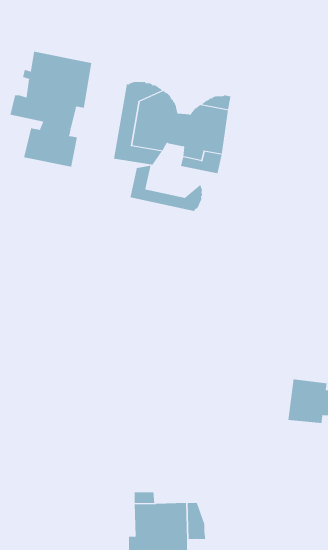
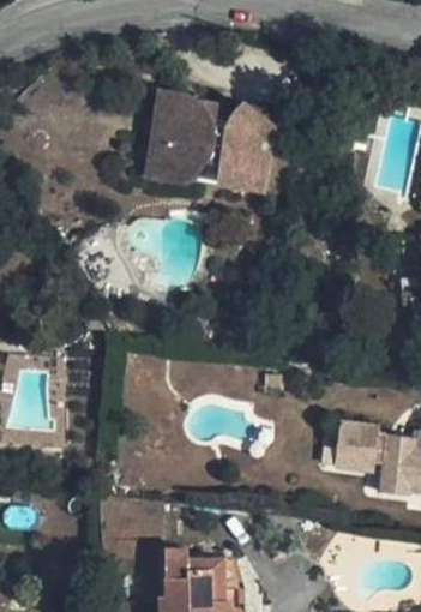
building: [10,51,92,167] -> none
building: [130,165,203,212] -> none

